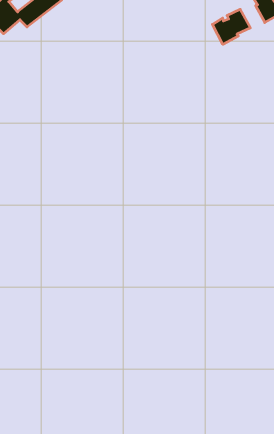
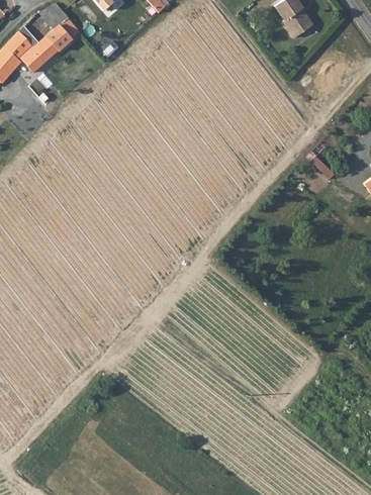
building: [212,9,250,44] -> none

